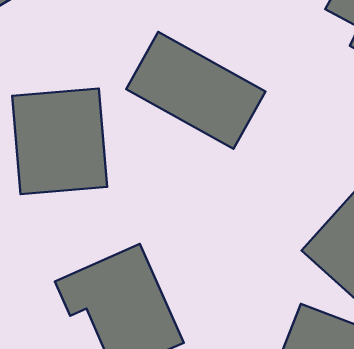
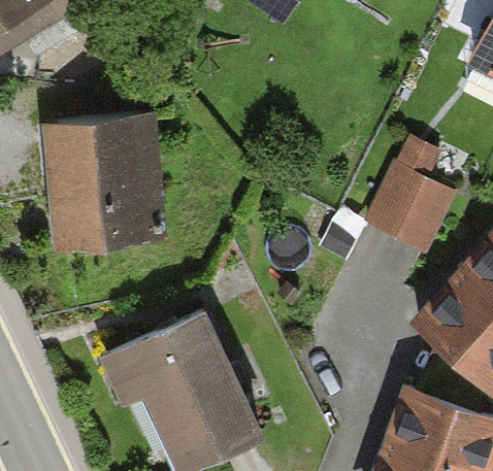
building: [126,32,265,149] -> none
building: none -> [367,140,459,256]

